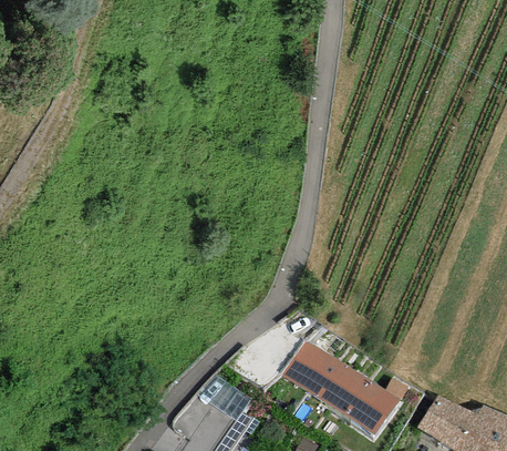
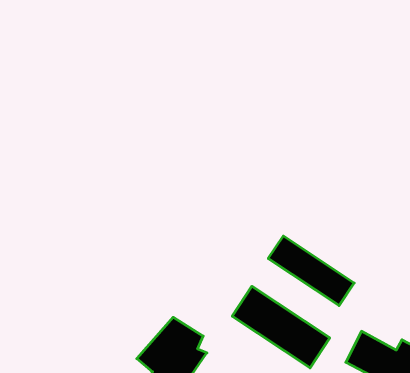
building: none -> [268,236,354,306]

